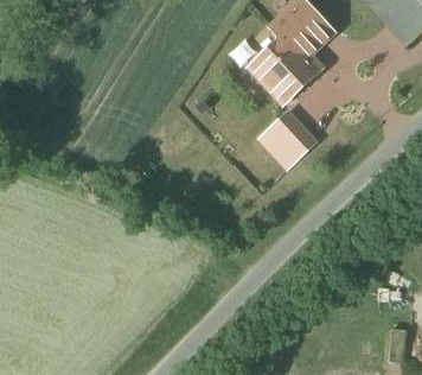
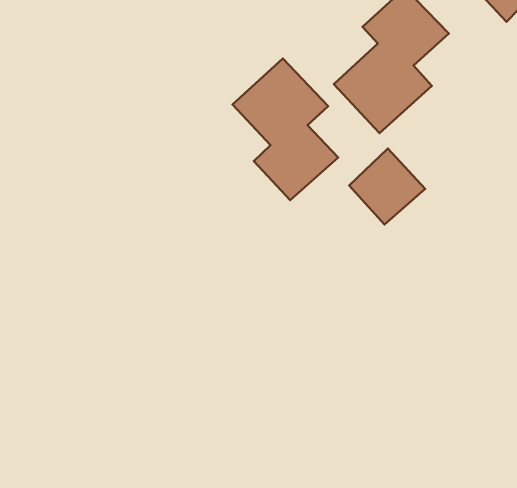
building: none -> [233,58,338,200]

